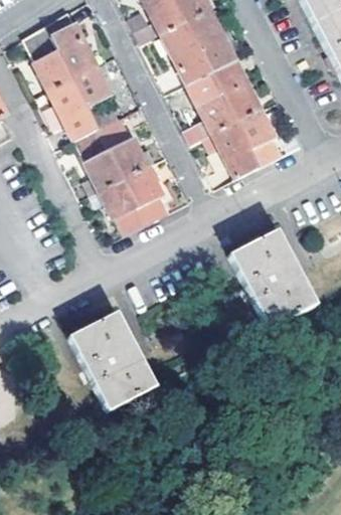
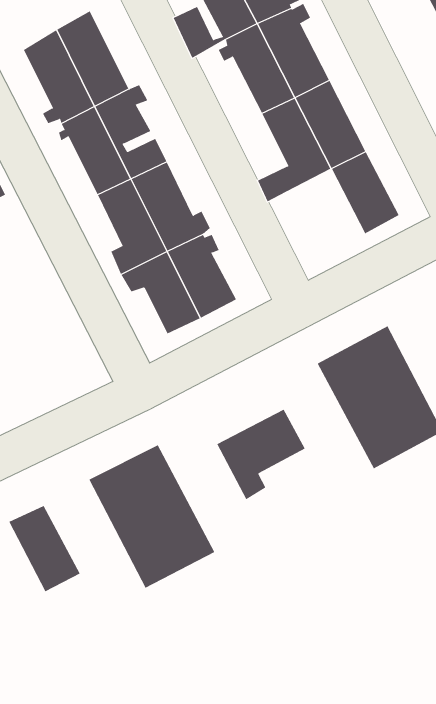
building: [206,120,261,177] -> none
building: none -> [217,409,305,500]
building: none -> [9,505,80,592]

